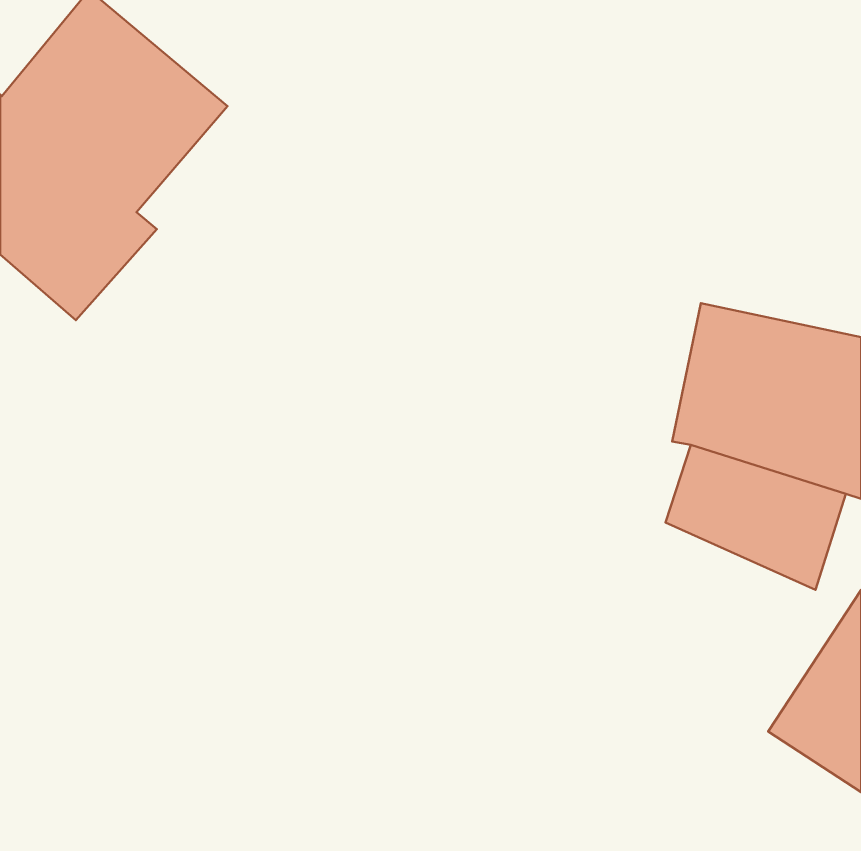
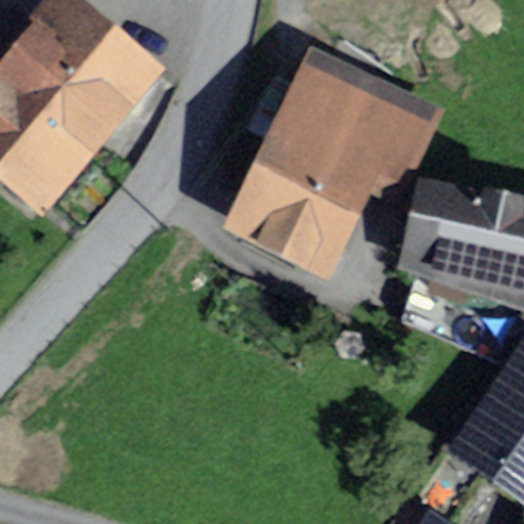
building: none -> [245,35,436,262]

